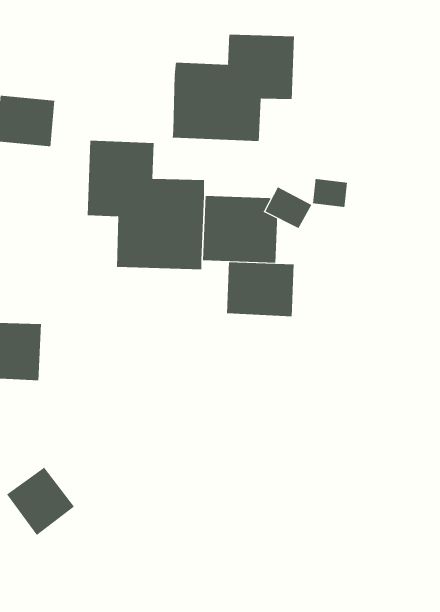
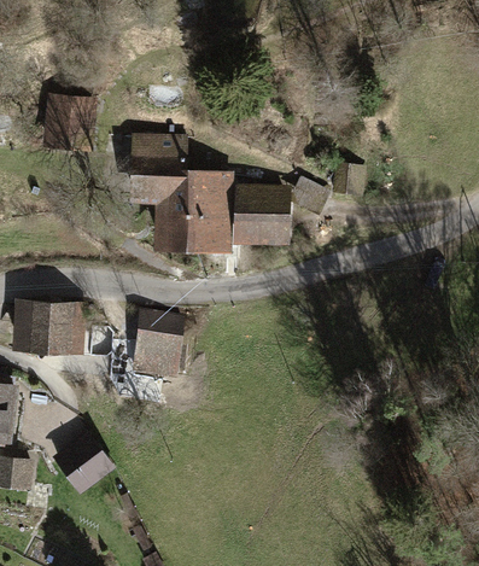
building: [172,34,294,142] -> none
building: [227,262,294,317] -> none
building: none -> [132,308,186,380]

